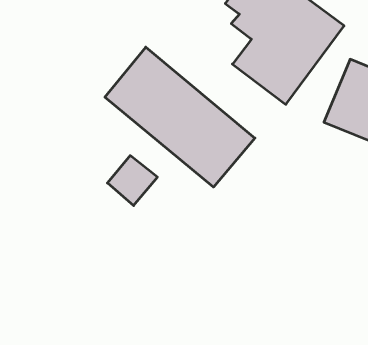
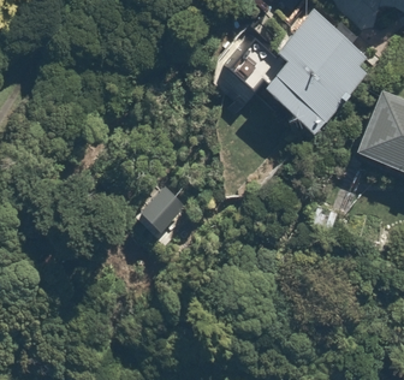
building: [105,47,255,187] -> none

